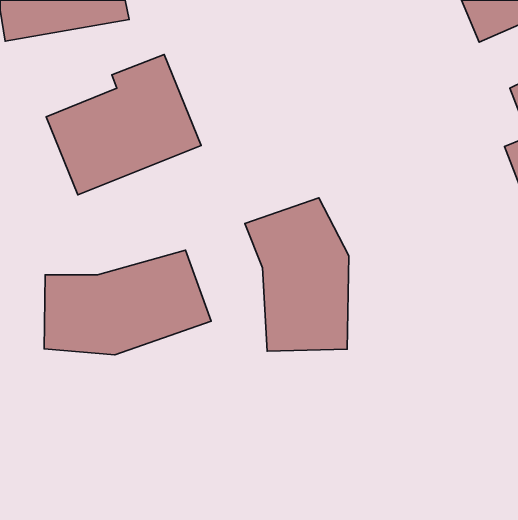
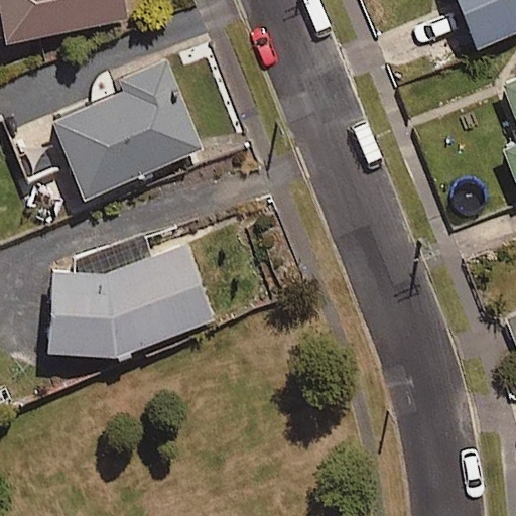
building: [245,198,349,351] -> none

